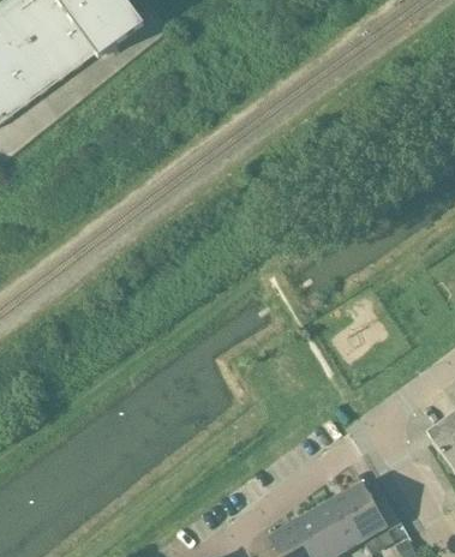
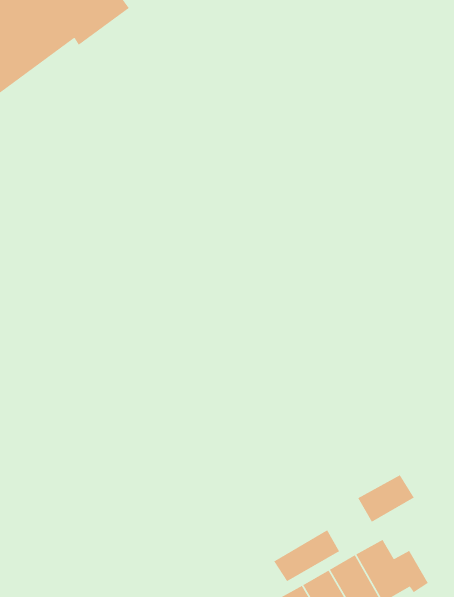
building: none -> [357,474,415,523]
building: none -> [273,529,340,582]

